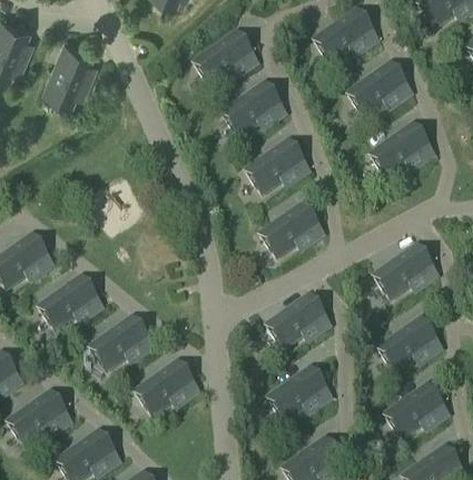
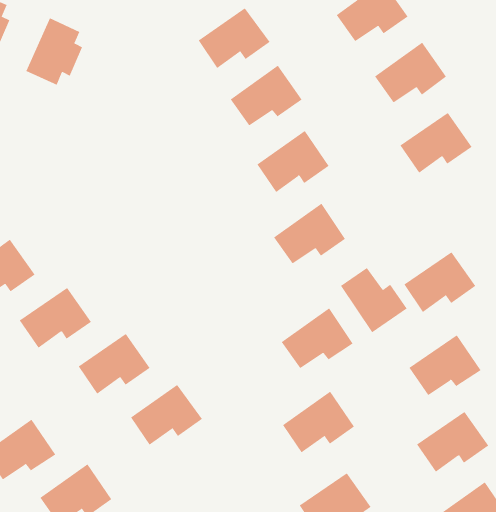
building: none -> [340,267,408,333]

